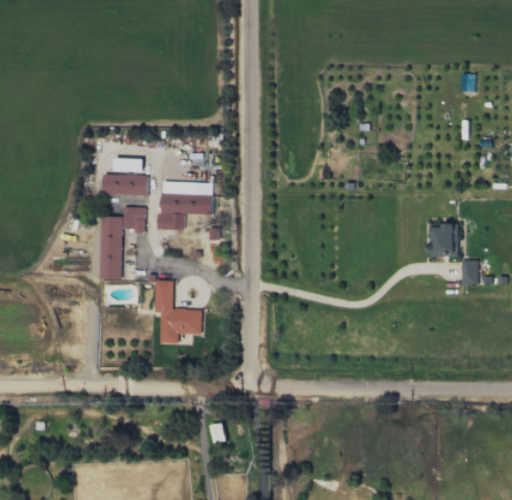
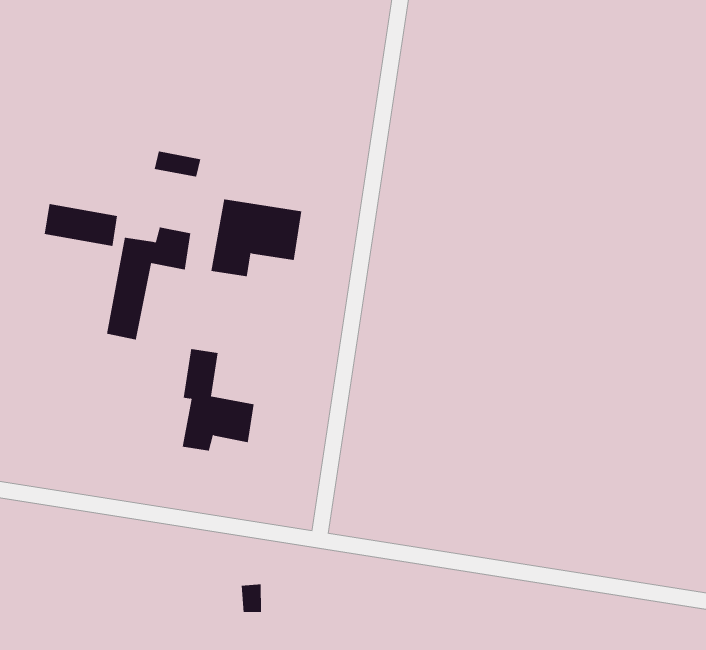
building: [103,174,148,195] -> [44,203,118,247]
building: [428,223,458,256] -> none
building: [461,259,478,283] -> none

